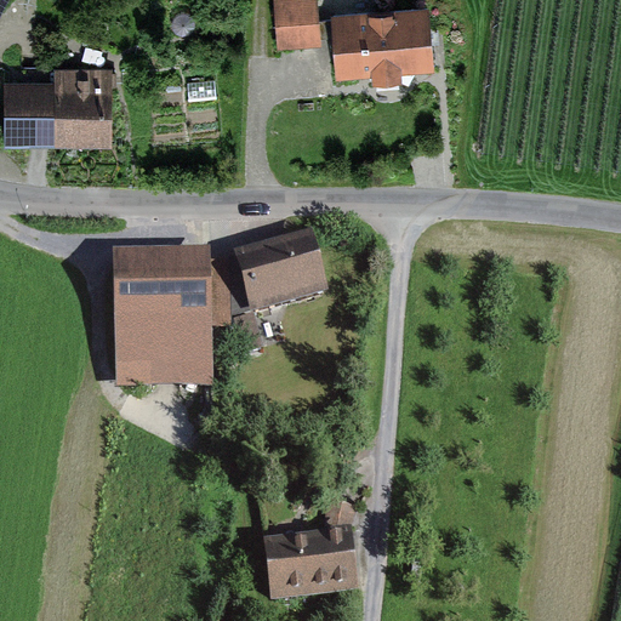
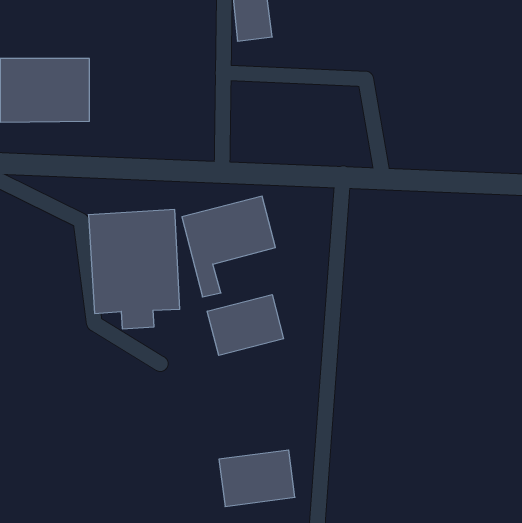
building: [329,8,435,79] -> none
building: none -> [207,295,284,355]

